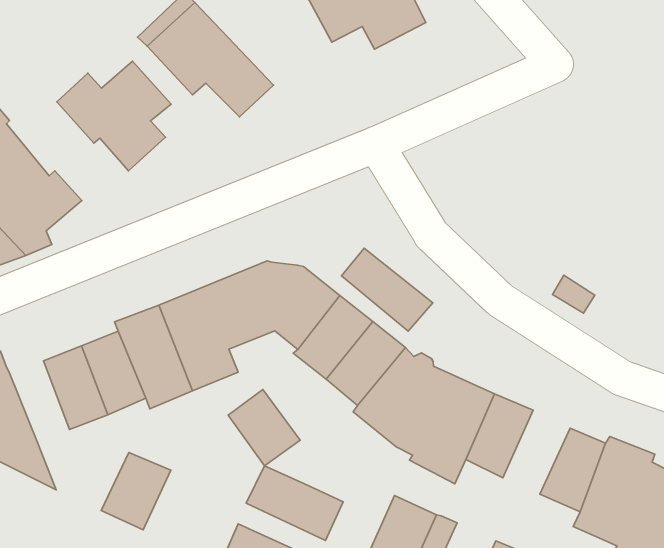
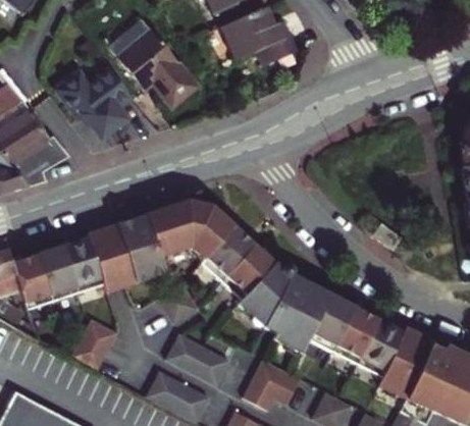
building: [342,248,433,331] -> none
building: none -> [15,256,52,309]
building: none -> [332,308,378,363]

